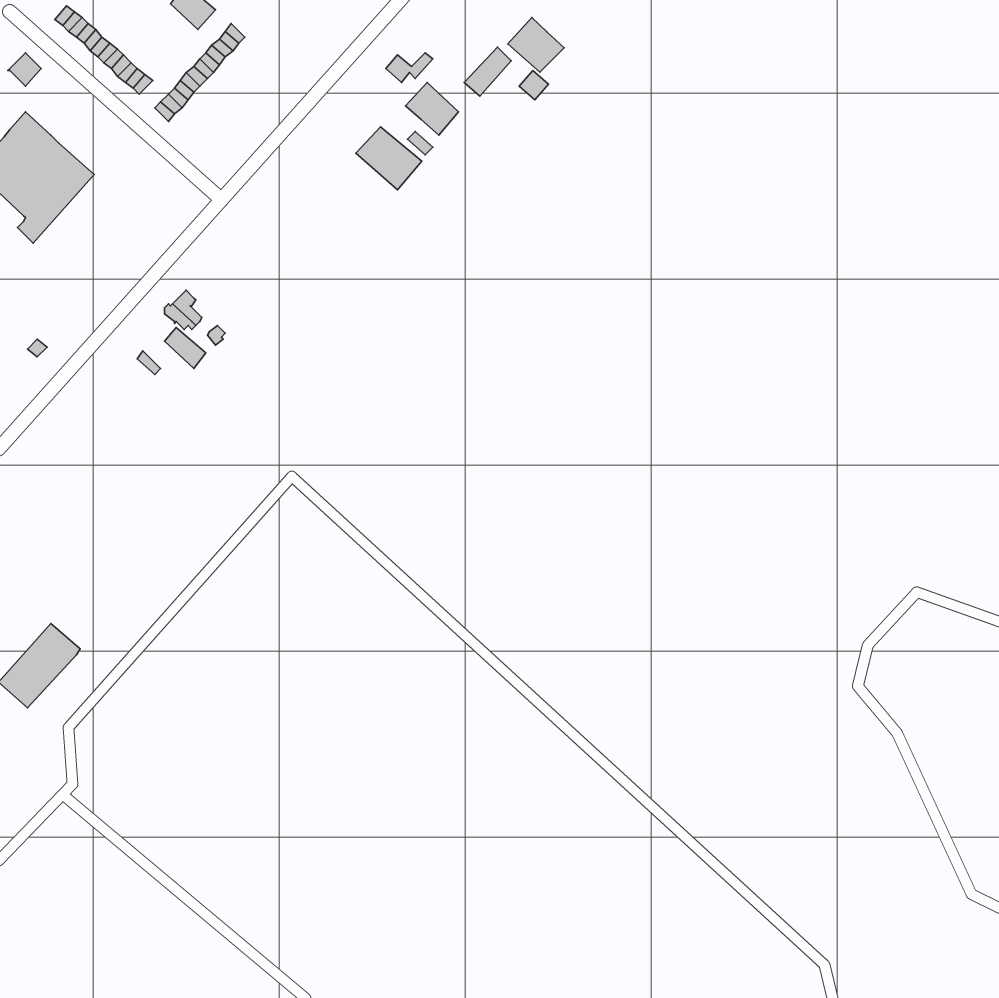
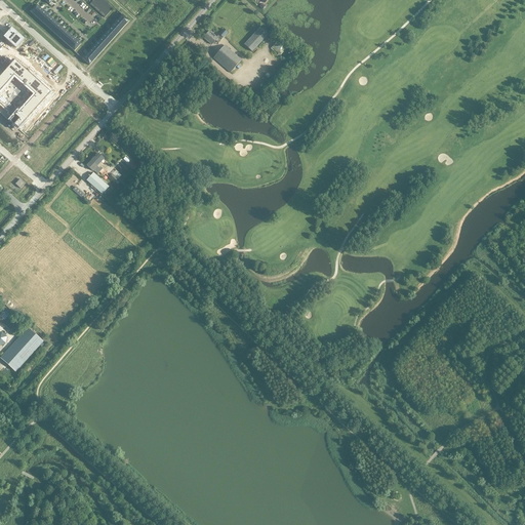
building: [508,17,564,72] -> none
building: [356,127,422,190] -> none

